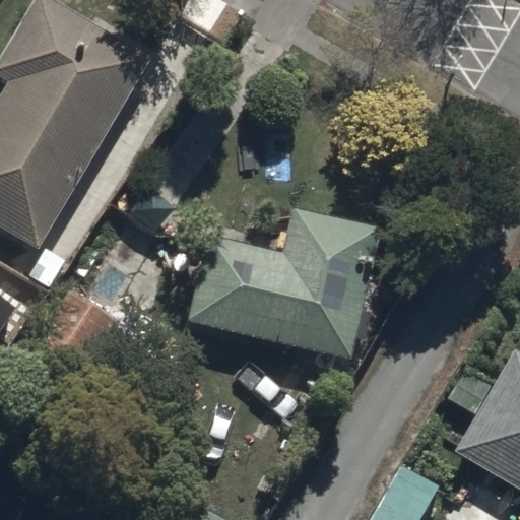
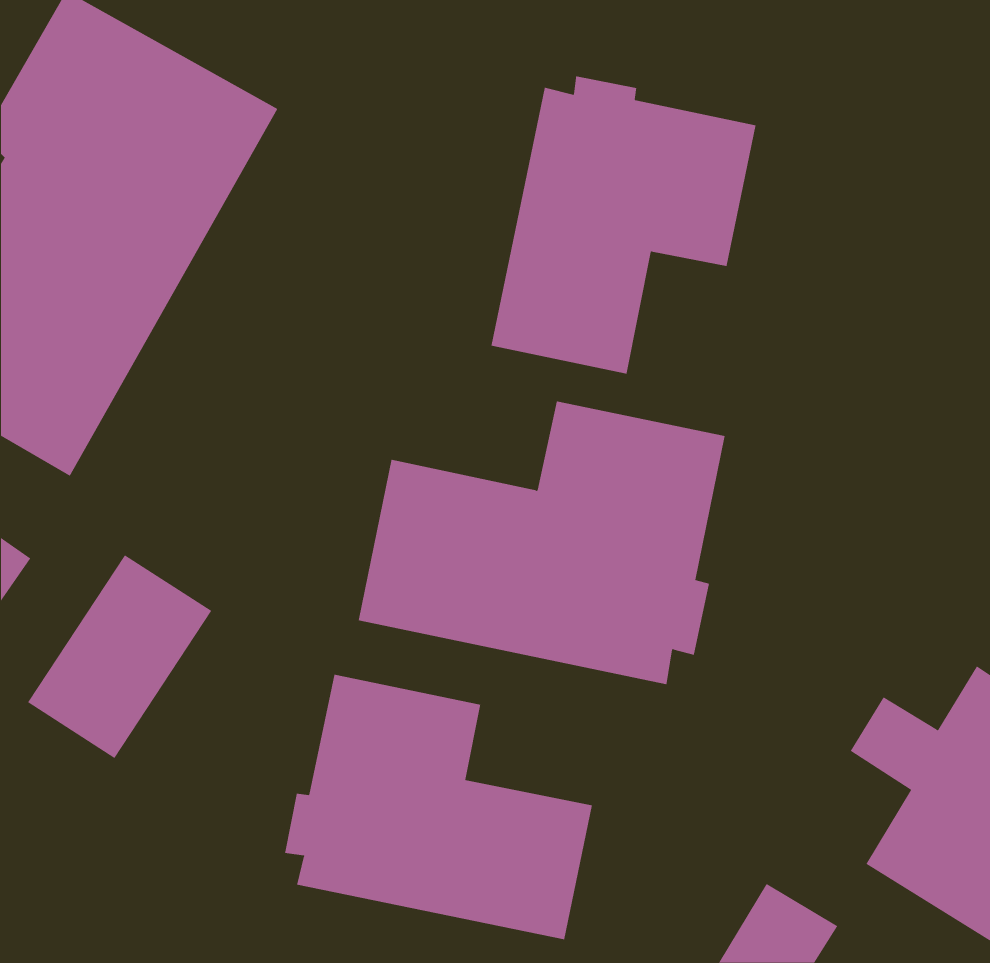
building: none -> [491,76,756,375]
building: none -> [285,674,593,940]

